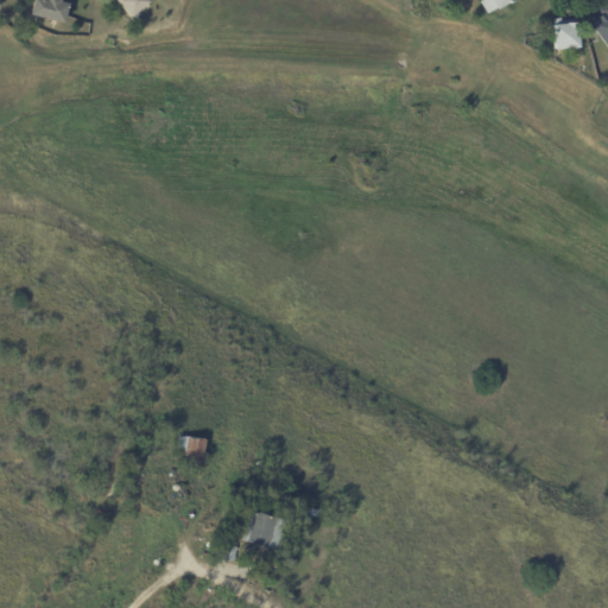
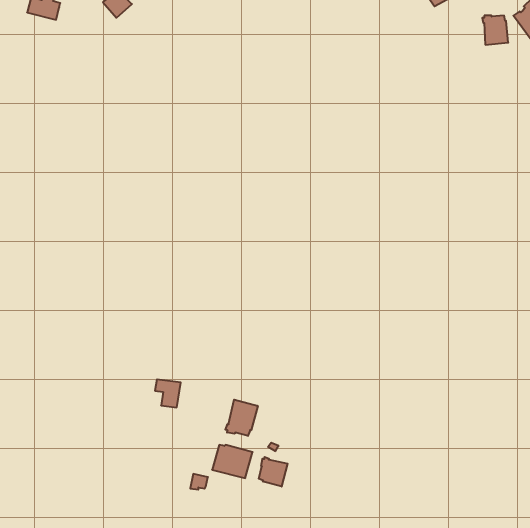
building: none -> [225,400,258,436]
building: none -> [259,457,288,487]

